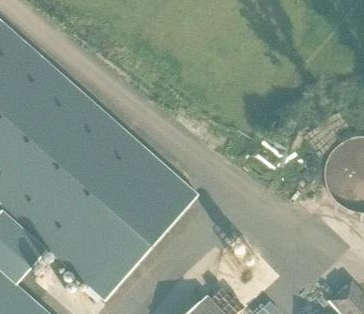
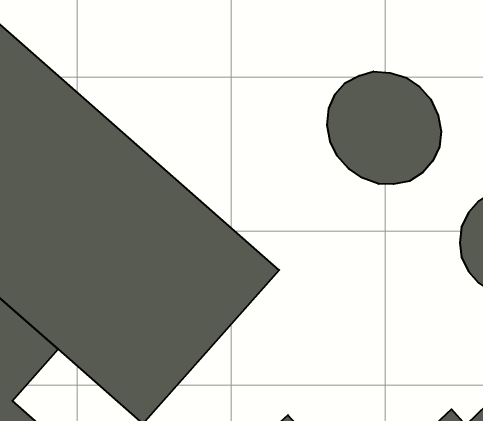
building: none -> [327,71,441,184]

